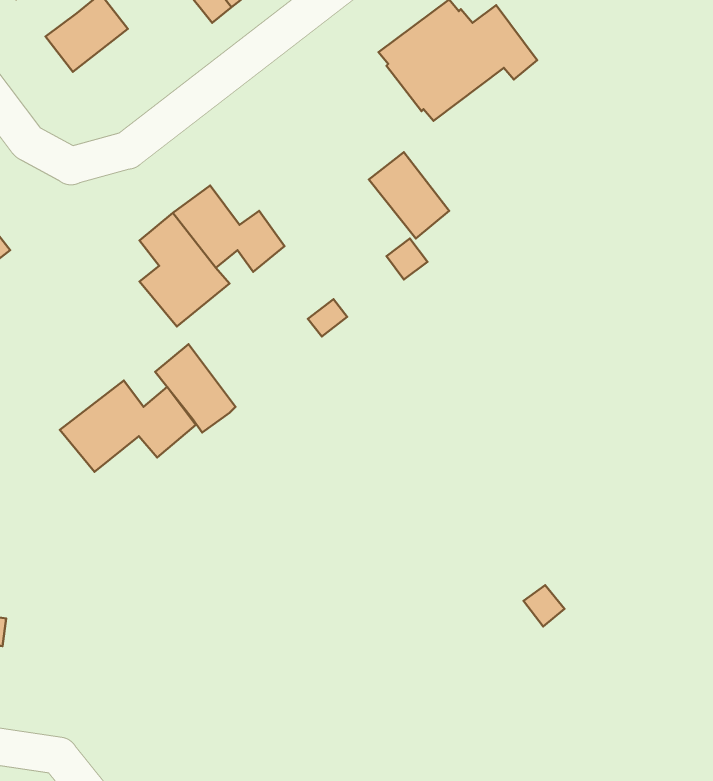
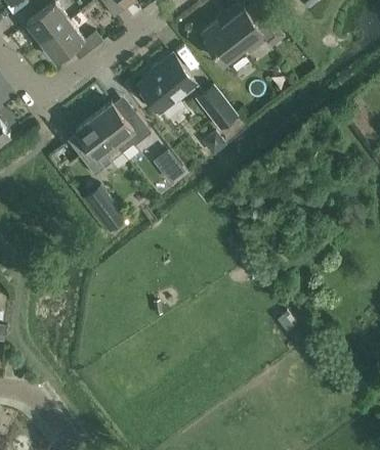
building: none -> [40,20,84,62]
building: none -> [137,54,195,111]
building: [60,380,196,472] -> none

